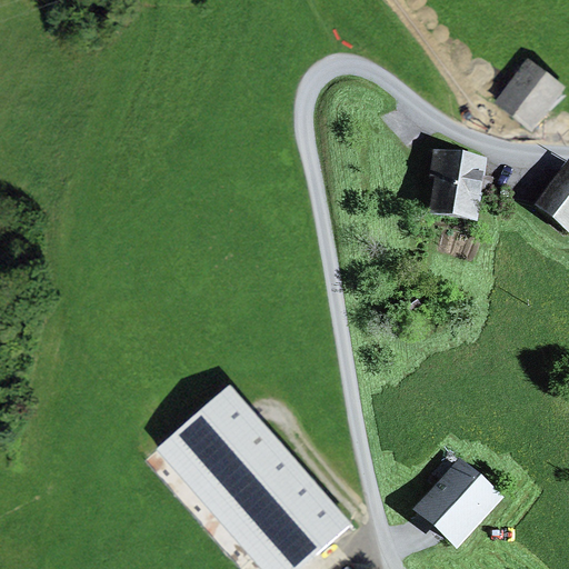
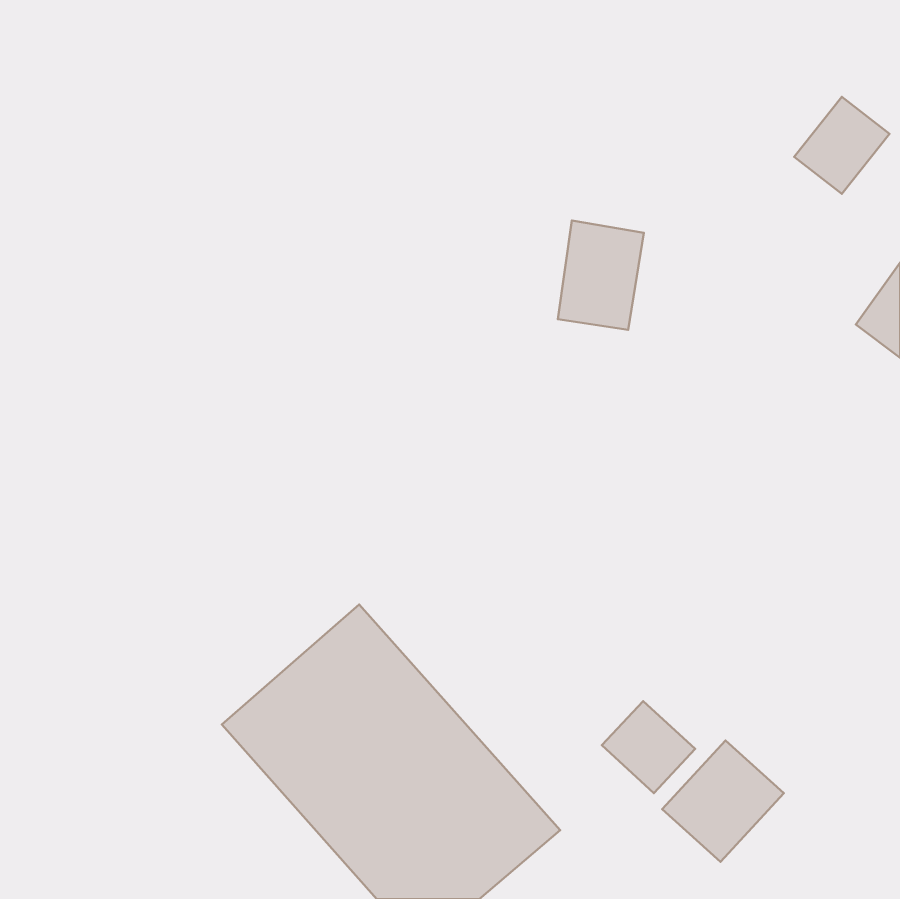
building: [431,151,486,220] -> [558,220,644,330]
building: none -> [602,701,695,793]

